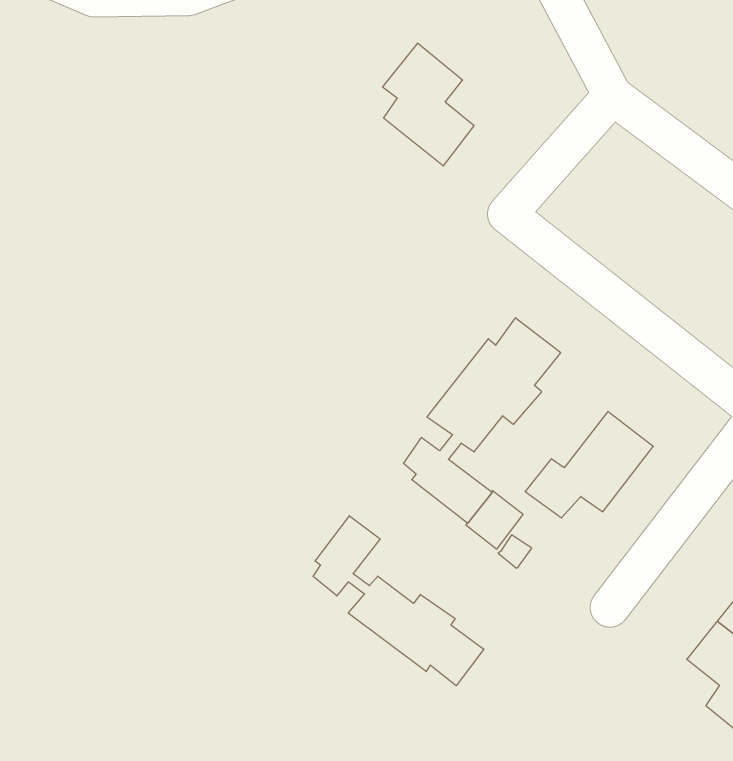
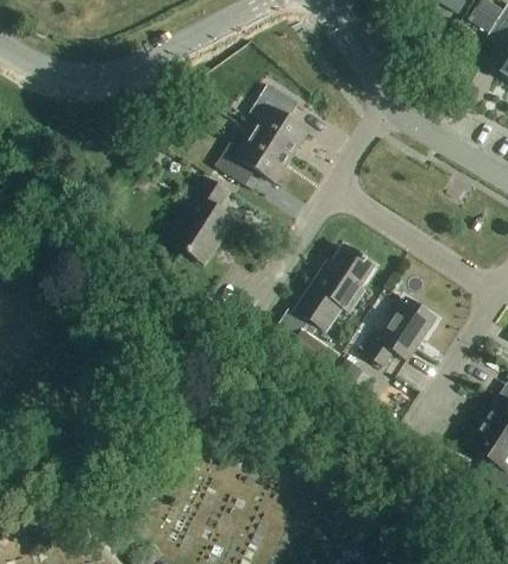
building: none -> [217,130,291,183]
building: none -> [169,174,233,263]
building: [313,516,484,686] -> none

